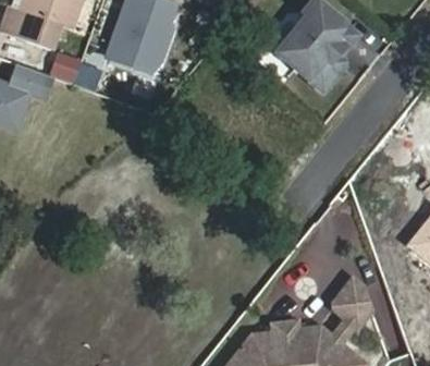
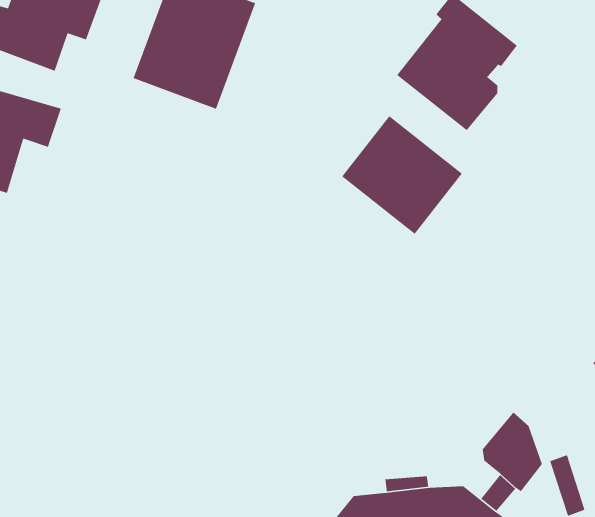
building: none -> [341,115,463,235]

